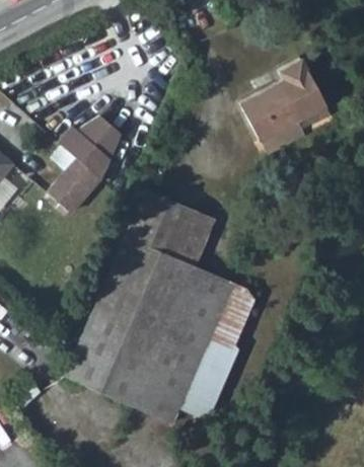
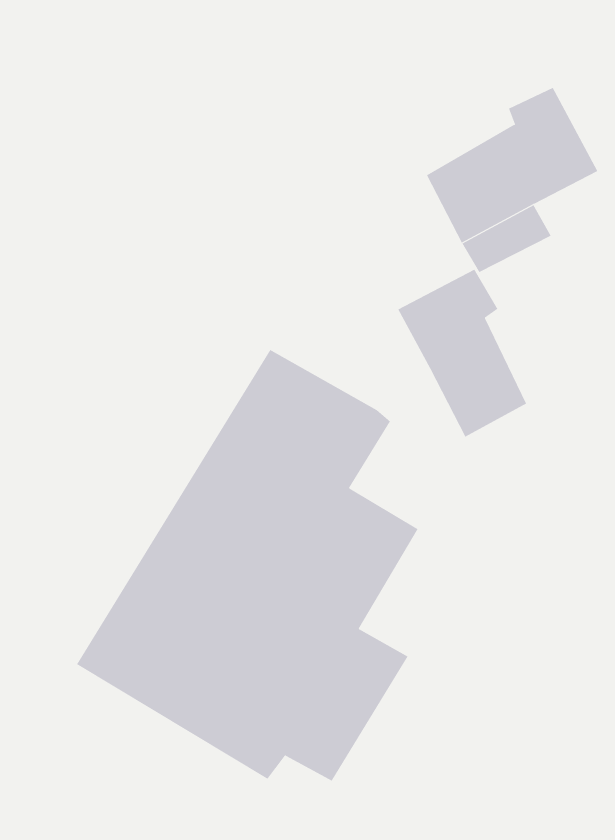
building: [33,125,110,229] -> none
building: none -> [397,269,527,437]

